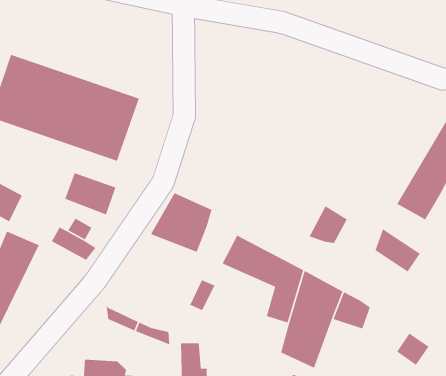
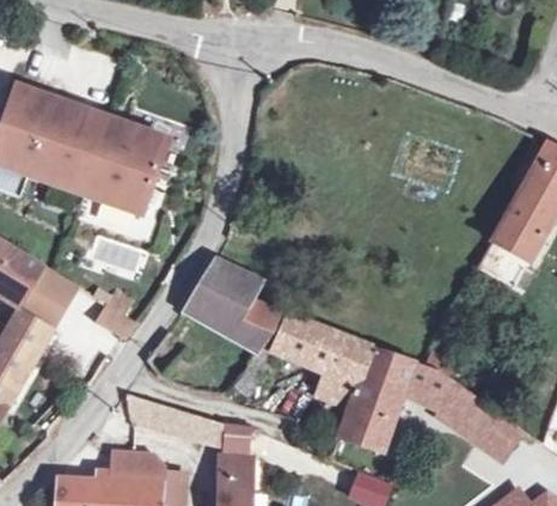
building: none -> [16,257,73,316]
building: [309,205,348,244] -> none
building: none -> [241,294,288,336]
building: [374,228,421,273] -> [437,390,492,443]

